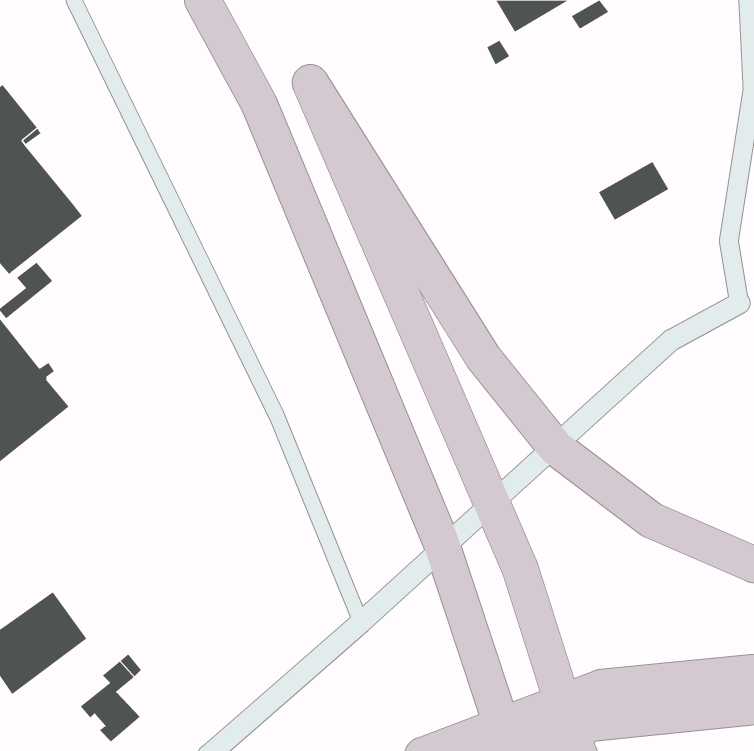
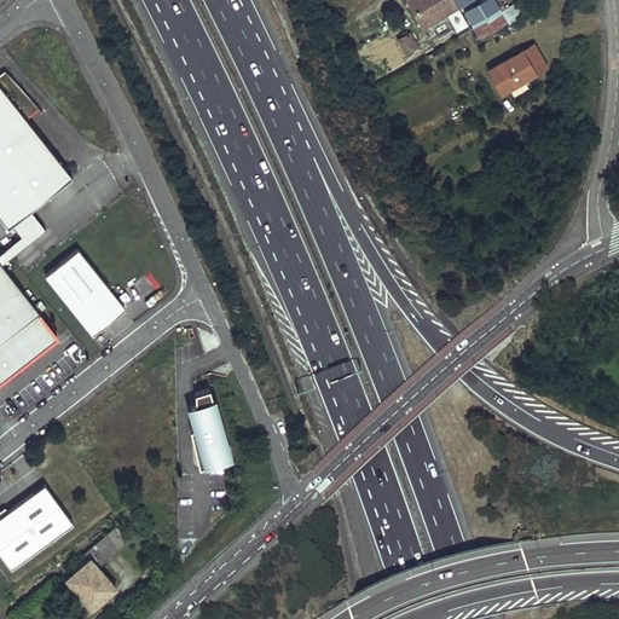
building: [598,161,669,220] -> [487,48,545,97]
building: none -> [45,251,125,337]
building: none -> [195,391,230,469]

